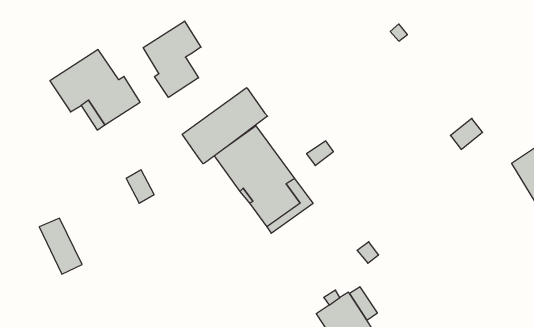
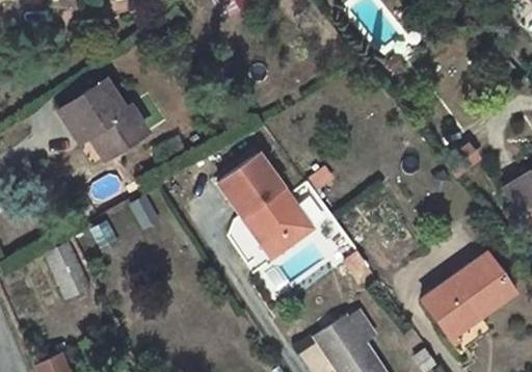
building: [143,21,201,97] -> none
building: [182,88,268,164] -> none
building: none -> [423,253,514,334]

